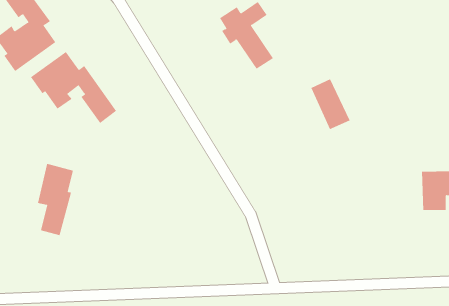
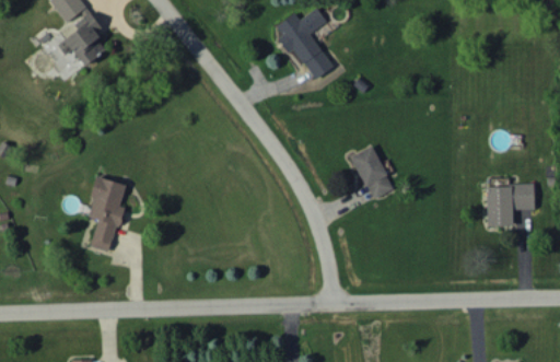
building: [30,51,117,124] -> none
building: [311,78,351,130] -> [351,145,393,199]

